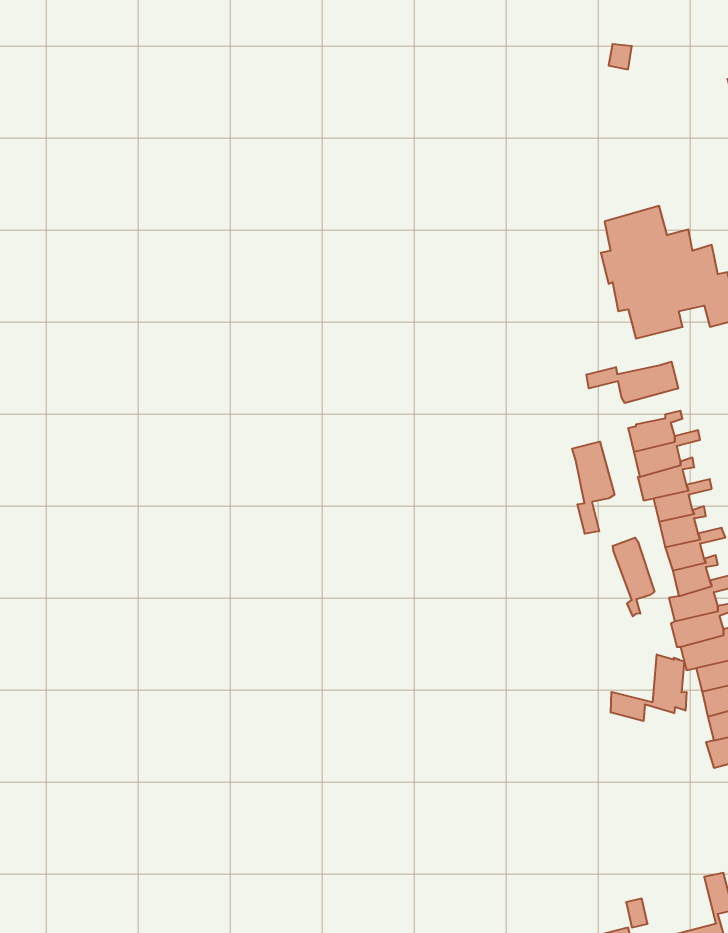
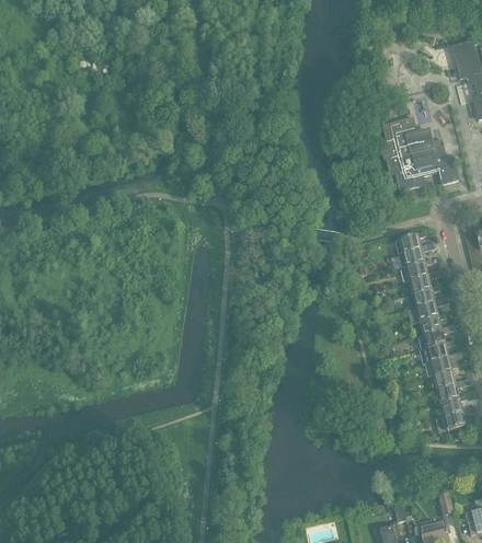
building: [587,362,678,403] -> none
building: [572,442,614,534] -> none
building: [613,538,654,616] -> none
building: [611,654,686,721] -> none

